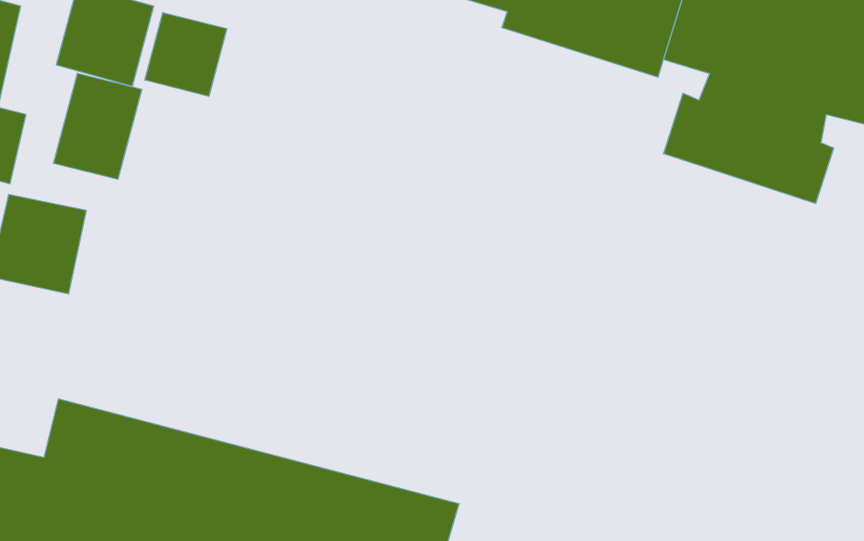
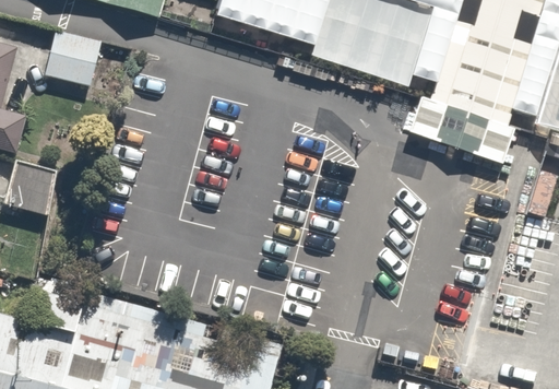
building: [145,12,227,96] -> none
building: [53,73,142,179] -> none

